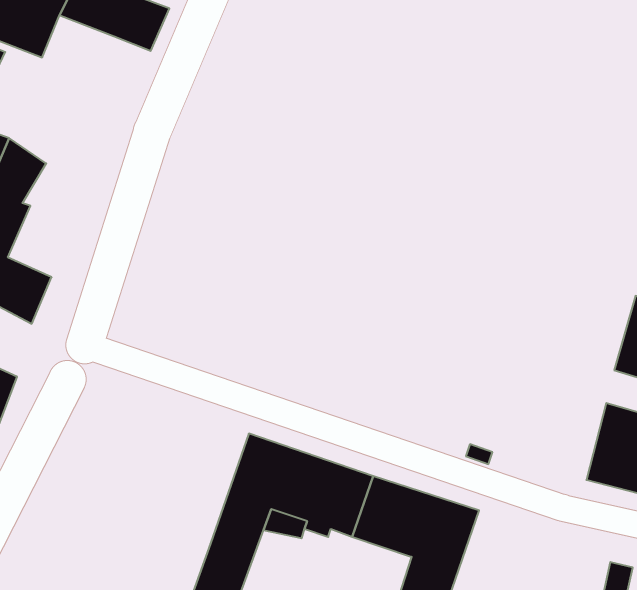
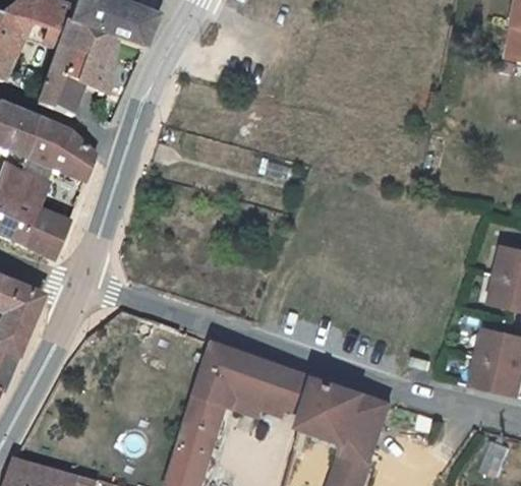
building: none -> [35,20,109,113]
building: none -> [39,134,90,182]

